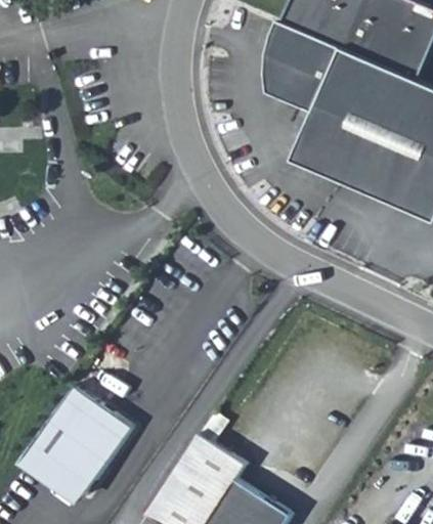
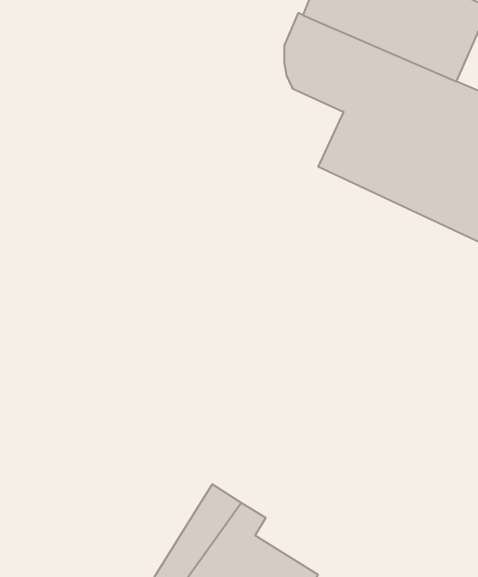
building: [20,388,129,499] -> none

